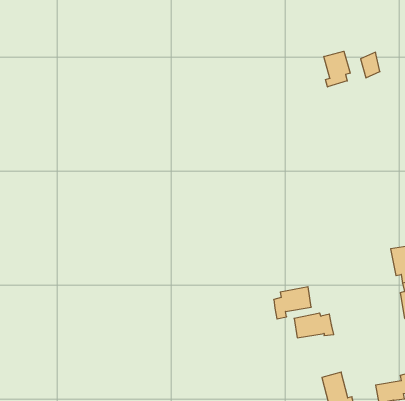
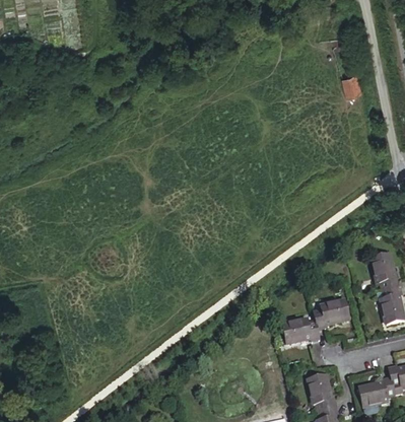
building: [324,51,350,87] -> none
building: [274,287,311,319] -> [313,300,348,331]

